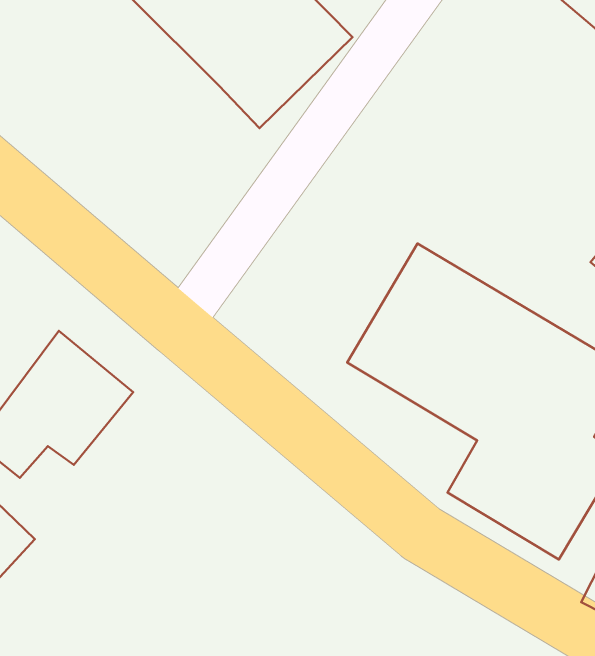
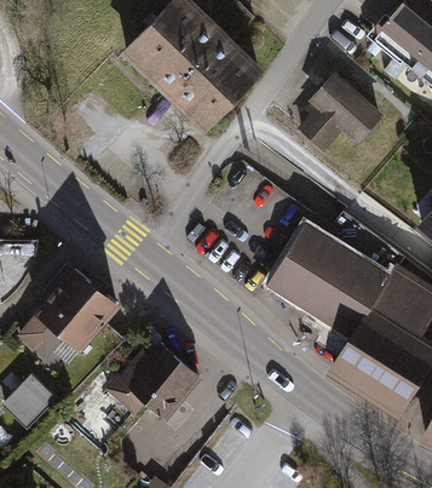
building: none -> [303,74,384,154]
building: none -> [105,341,203,421]

